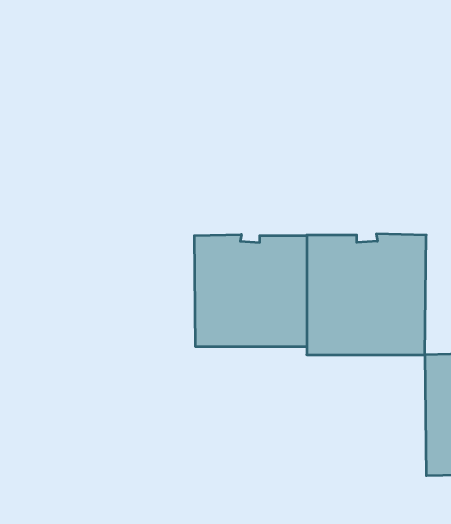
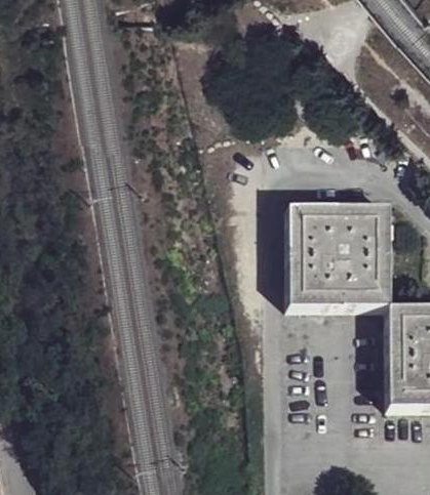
building: [194,234,307,347] -> none

